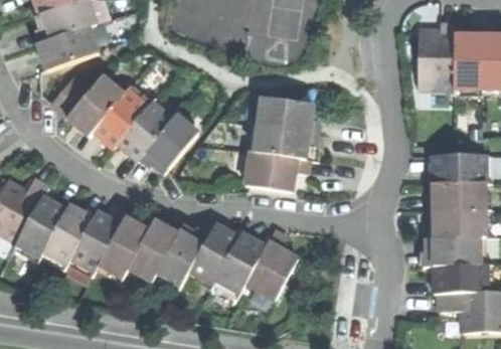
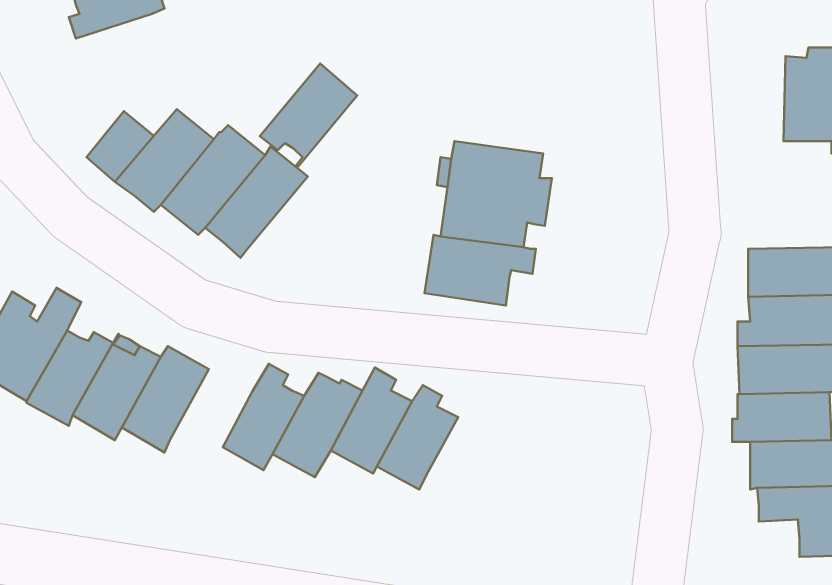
building: [38,22,99,65] -> none
building: [411,29,450,95] -> none
building: [144,115,199,174] -> [260,64,357,168]
building: [100,217,147,278] -> none
building: [246,230,299,299] -> none

